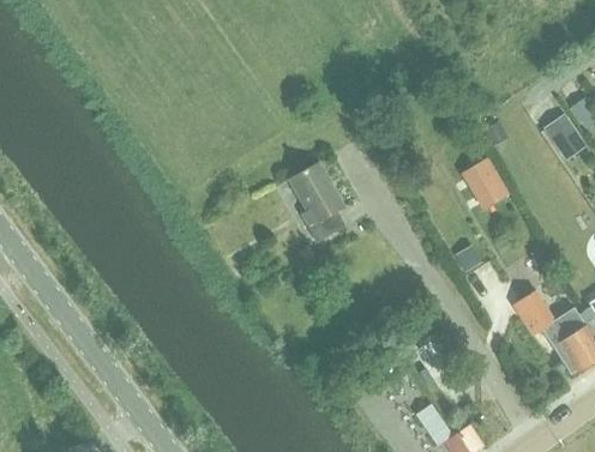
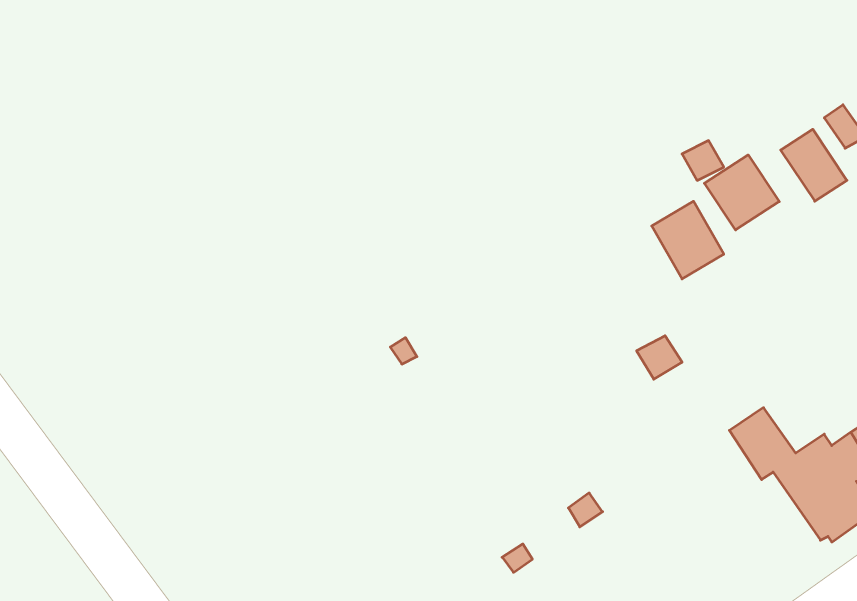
building: none -> [704,155,779,230]
building: [288,161,345,241] -> none

